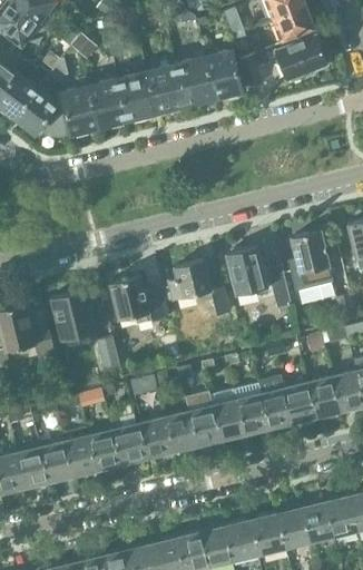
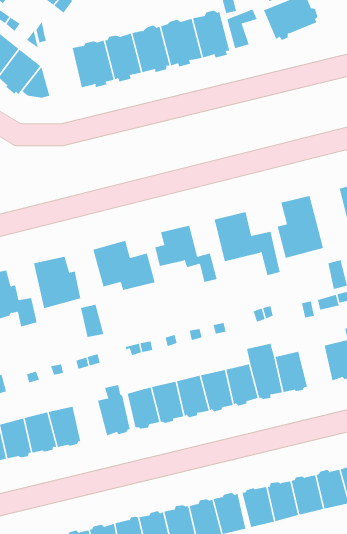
building: [61,77,97,136] -> none
building: [308,377,341,417] -> none
building: [89,431,121,471] -> none

